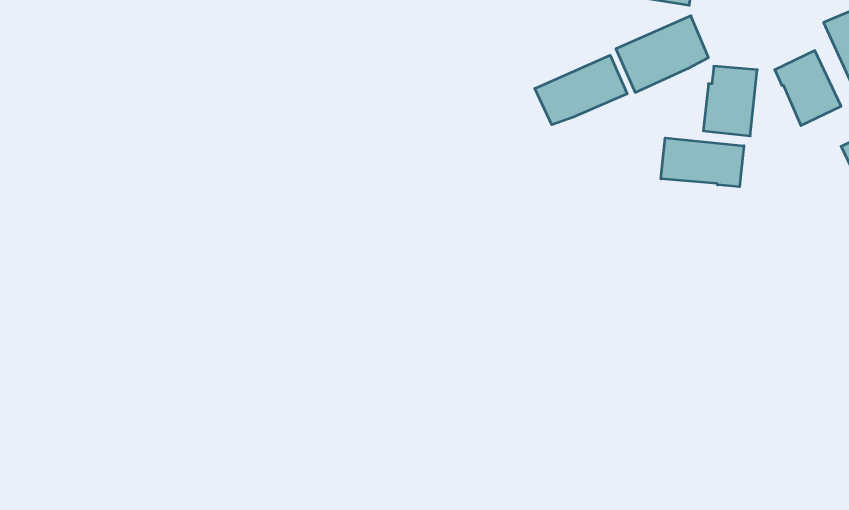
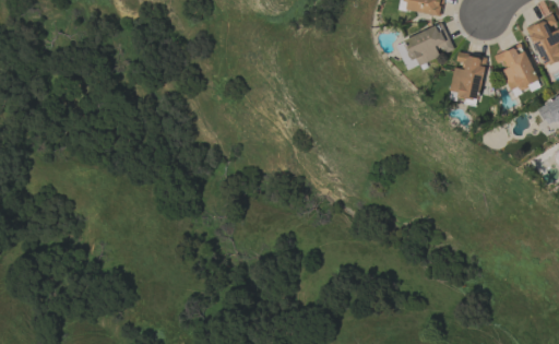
building: [535,55,627,125] -> none
building: [661,138,744,187] -> none

